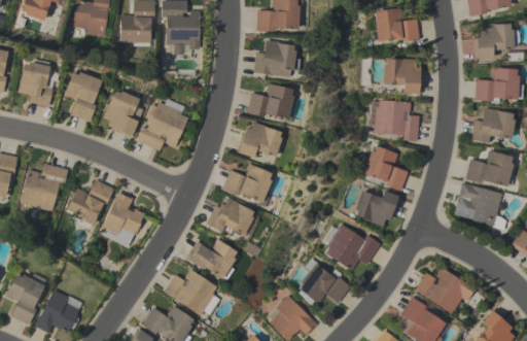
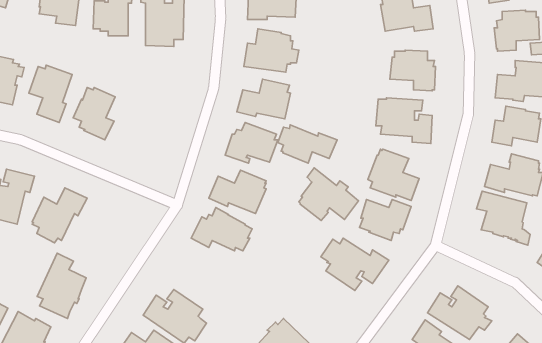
building: [137,98,188,150] -> none
building: none -> [278,125,337,163]
building: [102,191,145,248] -> [37,253,86,319]
building: [186,238,242,280] -> none
building: [298,258,351,304] -> [299,168,359,221]

